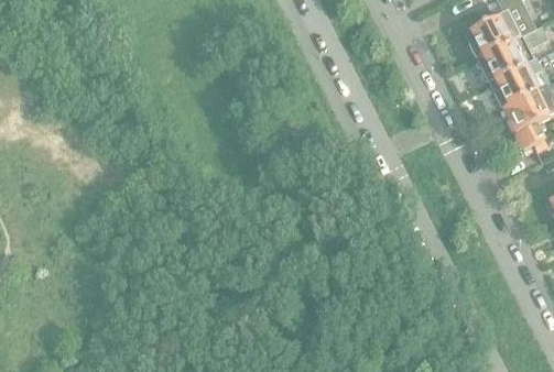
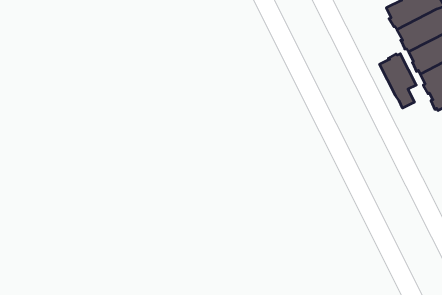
building: none -> [380,54,416,108]

